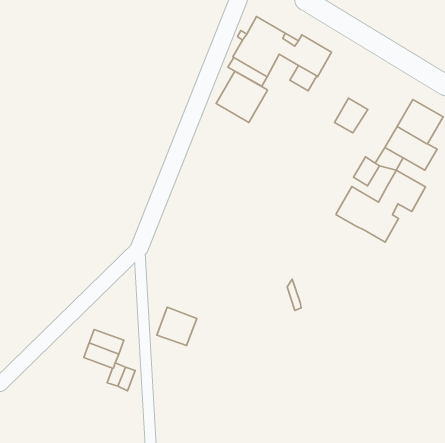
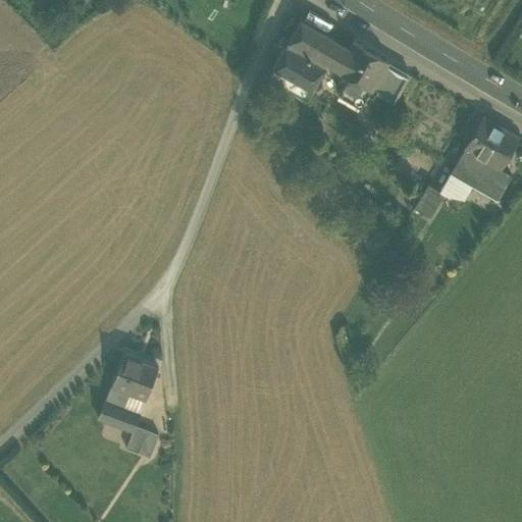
building: [216,71,267,123] -> none
building: [335,98,368,133] -> [372,64,411,105]
building: [336,170,426,242] -> none
building: [157,307,197,346] -> [111,356,158,401]

